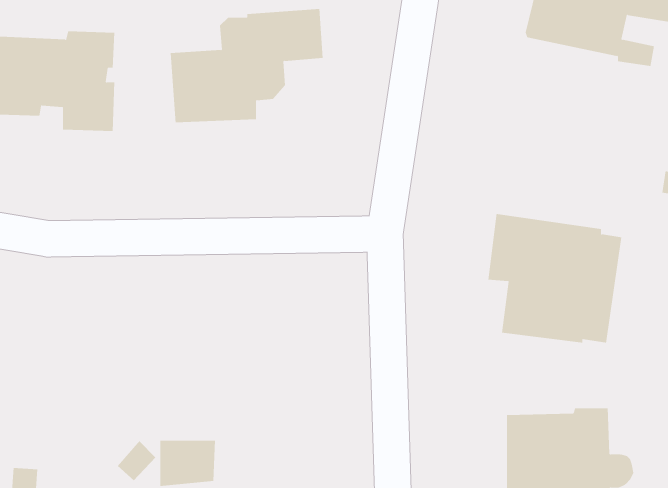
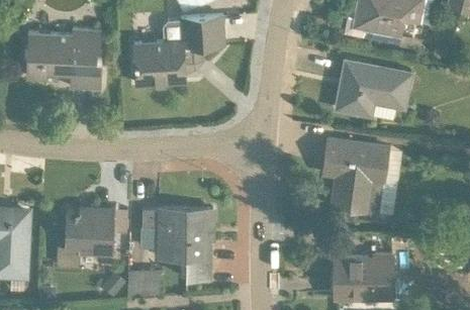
building: none -> [334,59,413,119]
building: none -> [57,206,127,268]
building: none -> [140,209,213,279]

